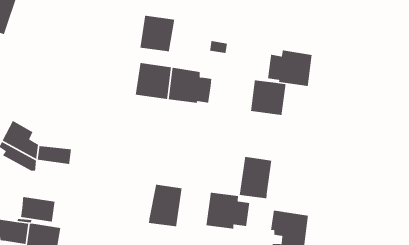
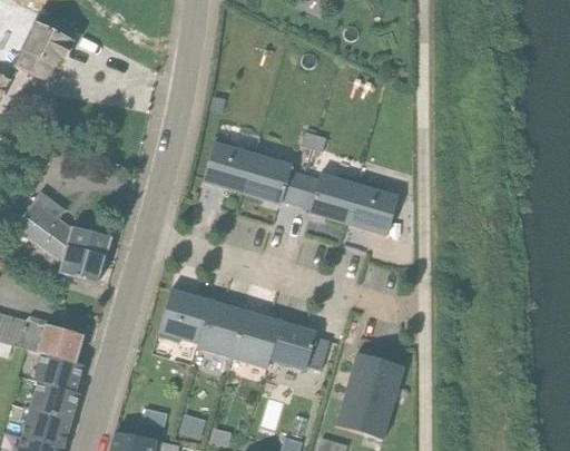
building: [140,15,175,52] -> none
building: [267,49,313,87] -> [295,171,357,224]
building: [239,156,272,199] -> [232,308,281,367]
building: none -> [159,287,213,342]
building: [20,196,56,222] -> [59,246,107,285]

